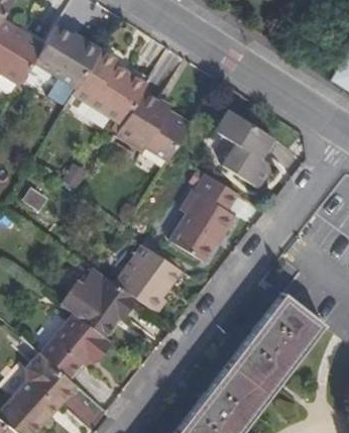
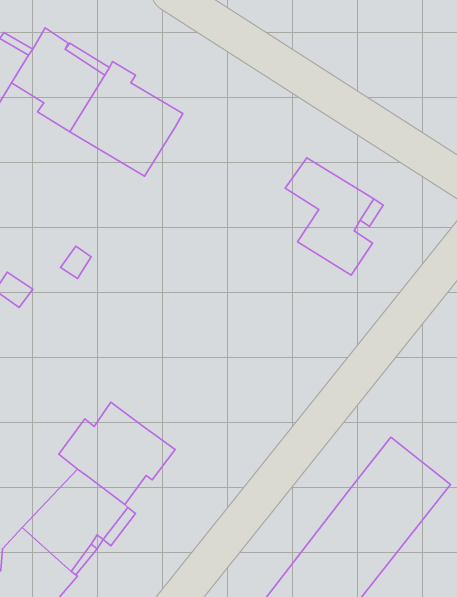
building: [115,89,189,157] -> none
building: [167,173,238,261] -> none
building: [119,246,185,316] -> none

